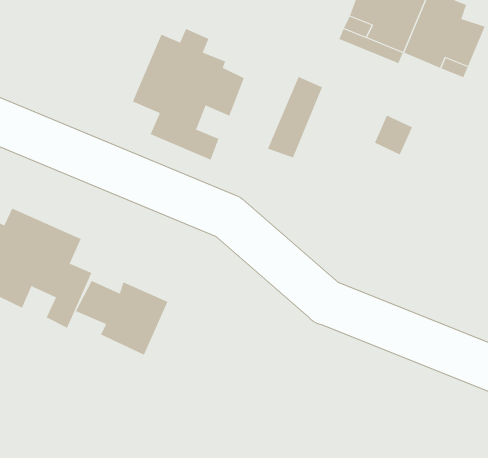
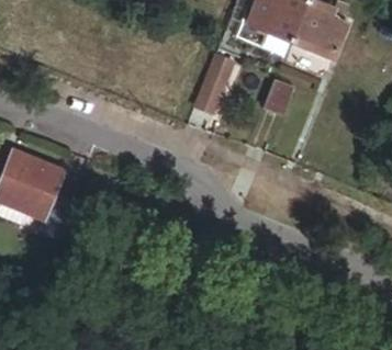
building: [132,28,245,161] -> none
building: [75,280,168,355] -> none

